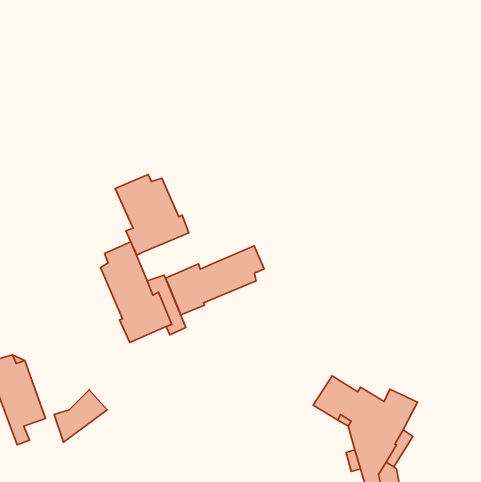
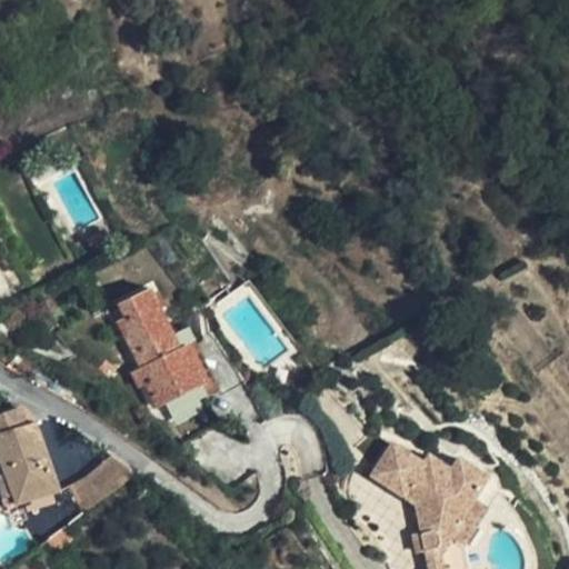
building: [115,174,189,255] -> none
building: [166,246,264,315] -> none

